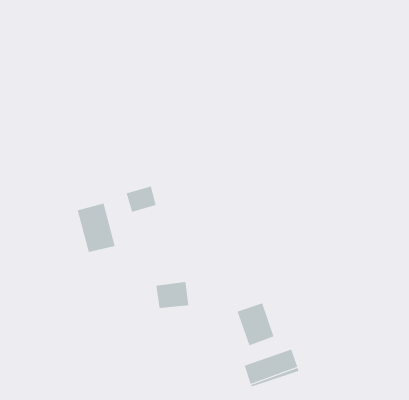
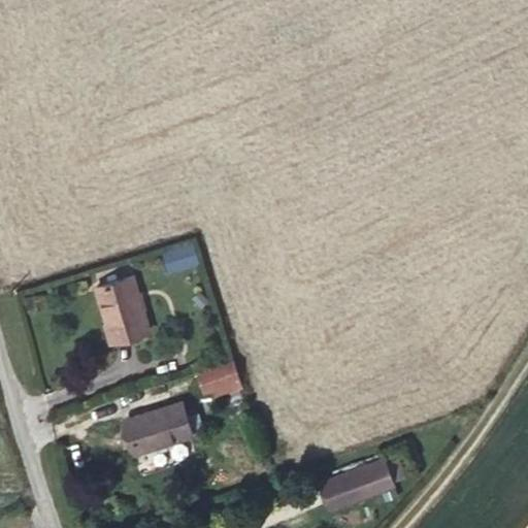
building: [237,303,274,346] -> none
building: none -> [125,402,192,453]

